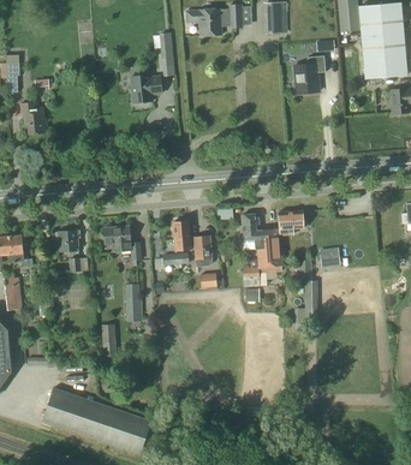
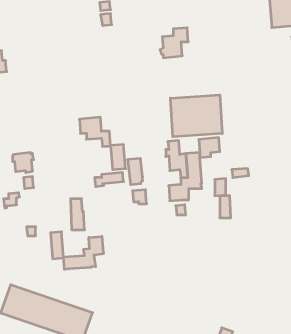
building: [292,56,326,93] -> [160,28,188,58]
building: [131,74,162,102] -> none
building: none -> [170,95,222,137]
building: [103,225,141,260] -> [79,117,110,146]
building: none -> [64,236,103,269]

